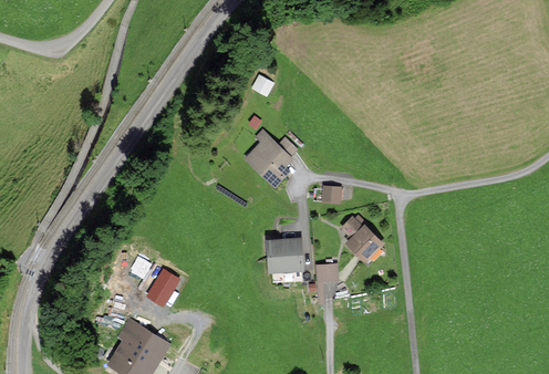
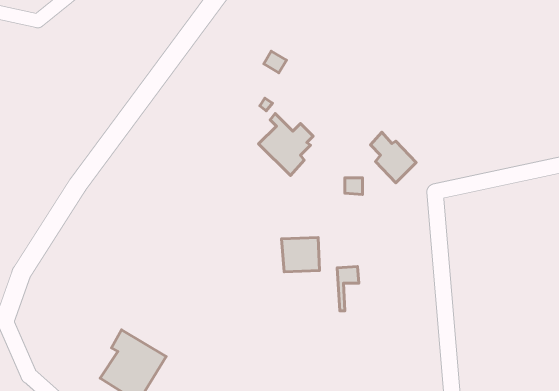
building: [342,216,382,260] -> [370,132,416,183]
building: [145,268,179,307] -> none

